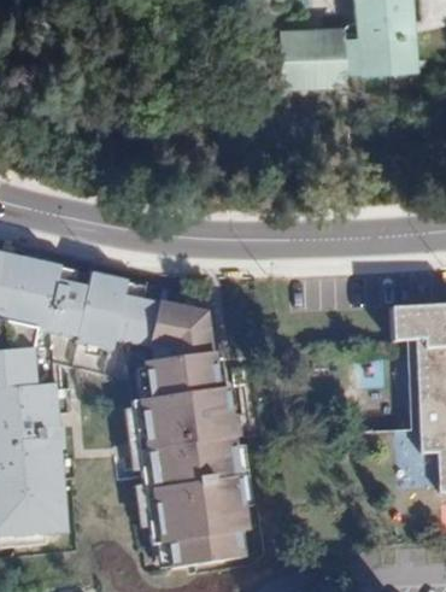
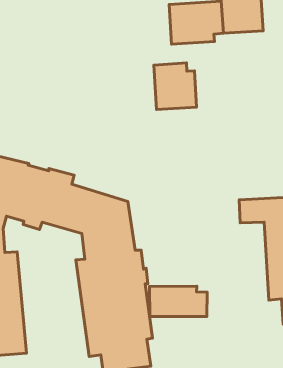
building: none -> [154,63,196,110]
building: none -> [150,286,207,316]

